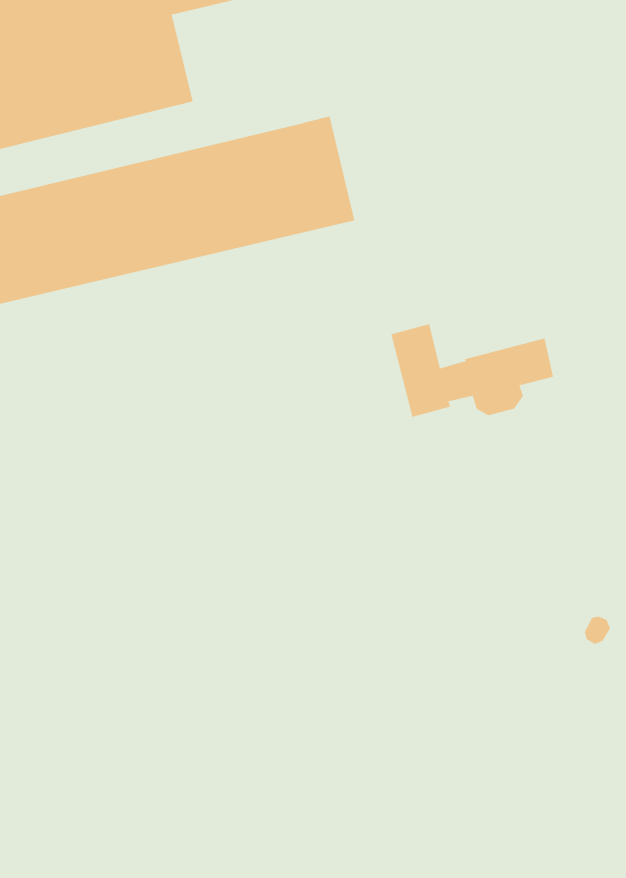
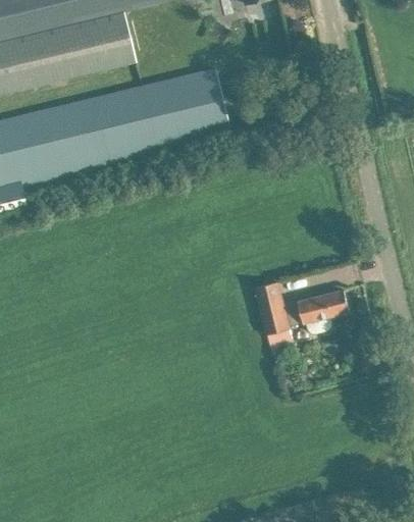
building: [391,324,554,418] -> [254,280,348,334]

